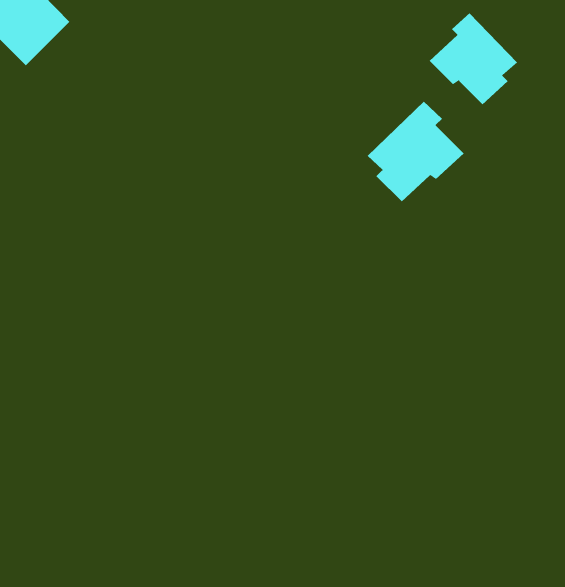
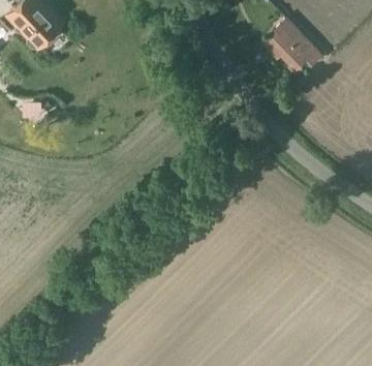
building: [367,101,464,202] -> none

